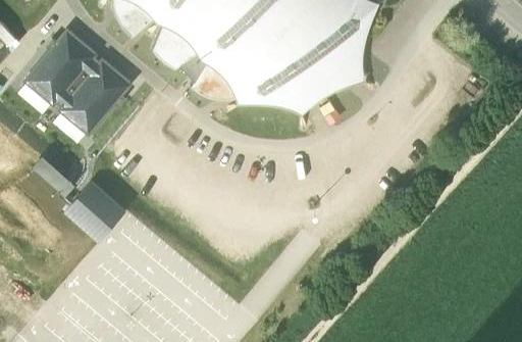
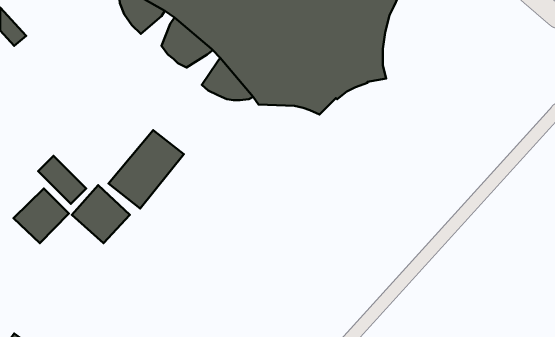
building: [27,30,97,104] -> none
building: [62,59,133,133] -> [108,130,184,209]
building: none -> [14,188,69,243]

